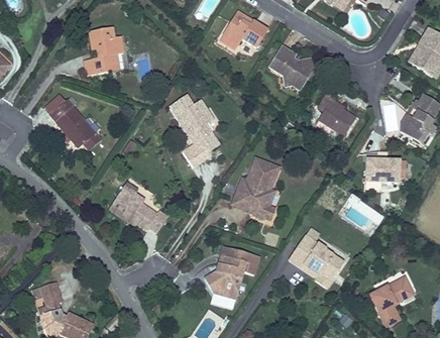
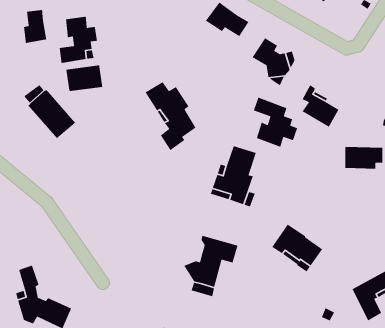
building: none -> [23,9,47,44]
building: none -> [66,65,103,92]
building: none -> [253,97,298,148]
building: [107,183,166,230] -> none

